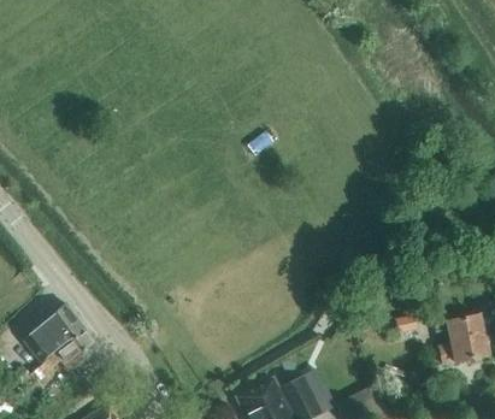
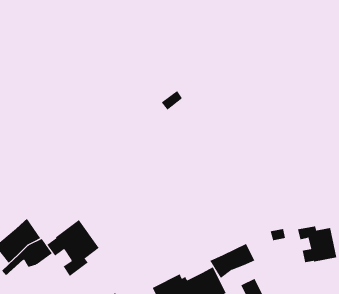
building: none -> [47,219,100,277]
building: none -> [209,243,255,279]

